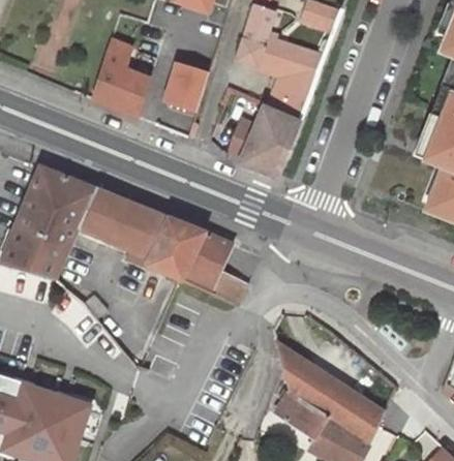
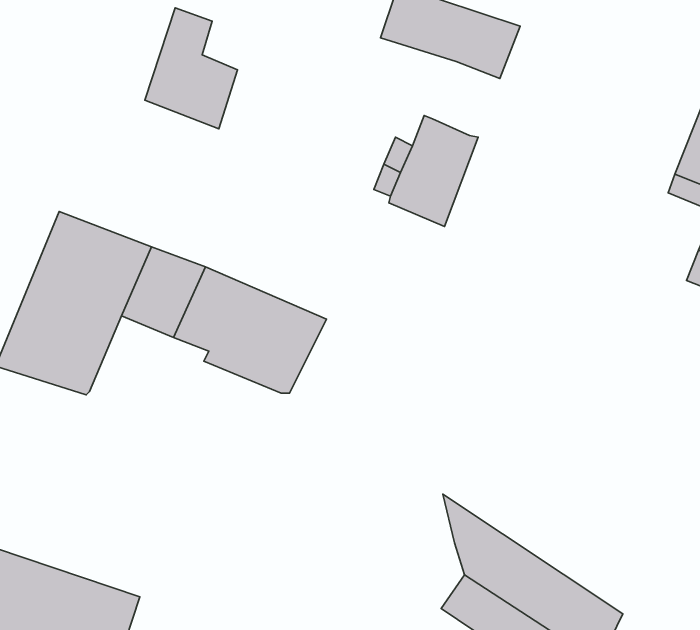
building: [154,57,202,111] -> none
building: [270,74,311,120] -> none
building: [182,233,250,305] -> none

